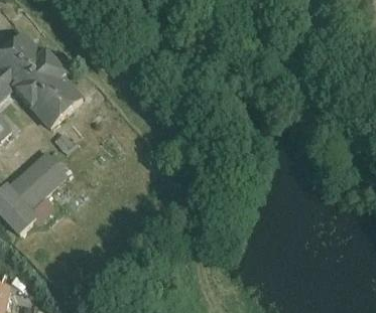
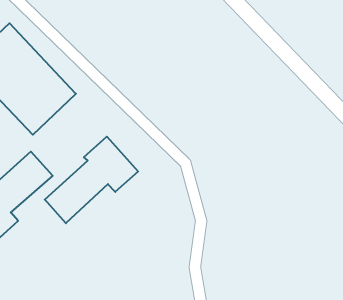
building: none -> [45,137,138,223]

